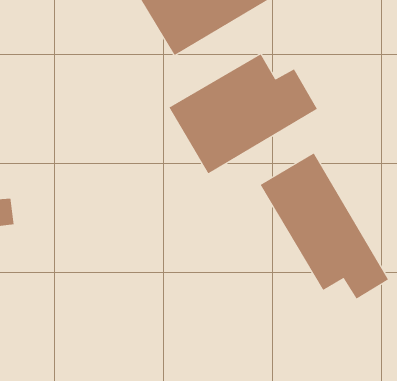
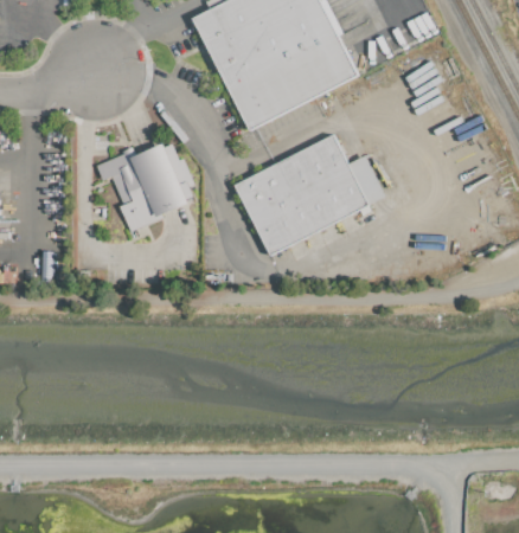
building: none -> [95,141,196,227]
building: [260,153,389,300] -> none

